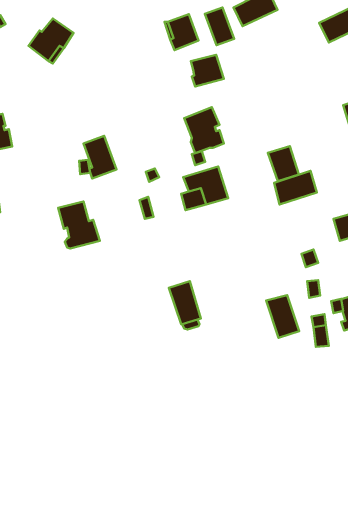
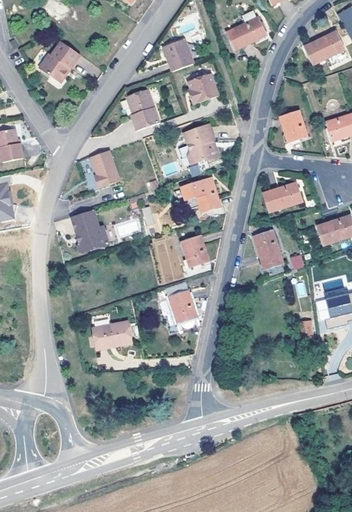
building: [205,8,234,45] -> none
building: none -> [126,89,158,130]
building: [268,146,299,181] -> [279,110,307,142]
building: none -> [181,234,209,266]
building: [266,295,299,338] -> [253,230,283,269]
building: none -> [92,321,131,350]

